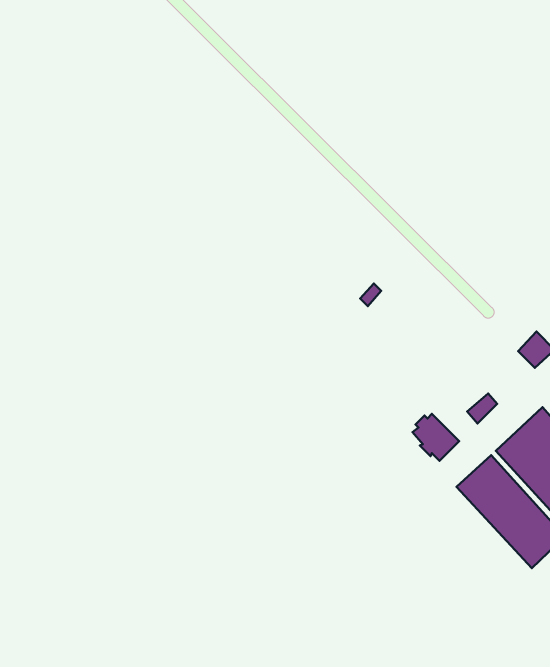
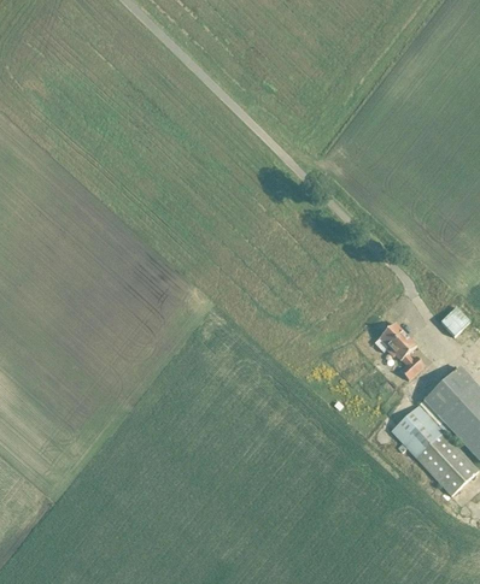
building: [412,414,459,461] -> [380,323,417,360]

